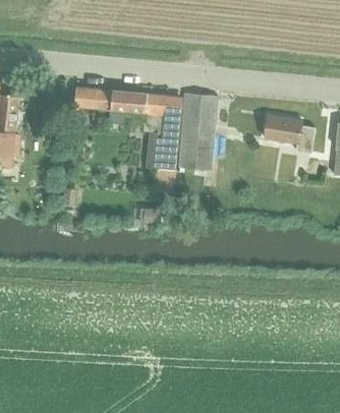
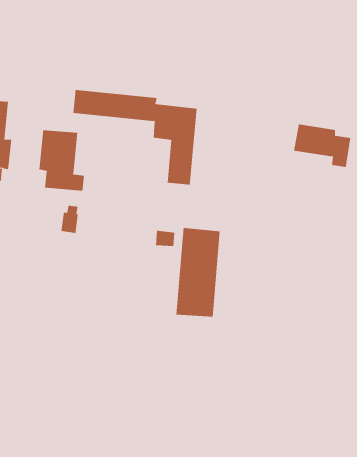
building: [177,93,216,170] -> [176,228,221,317]
building: none -> [39,129,84,192]

